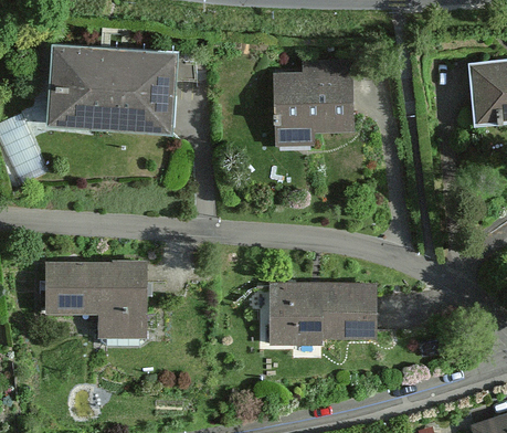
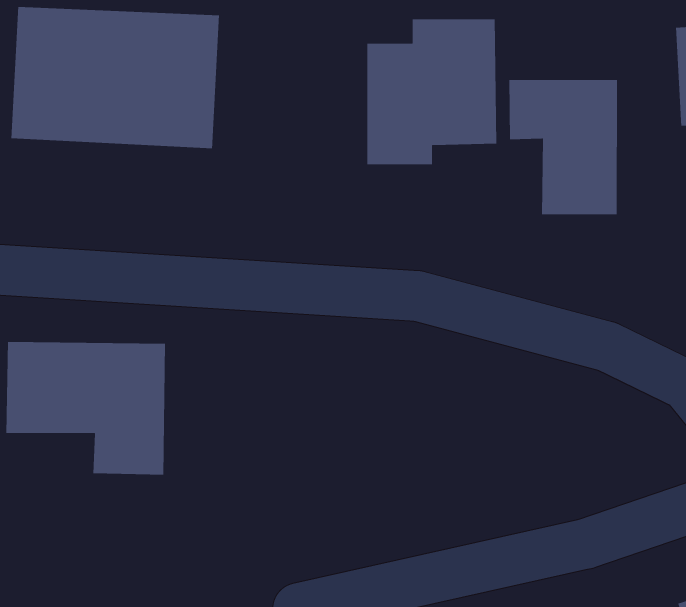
building: none -> [509,79,618,215]
building: [266,279,397,341] -> none

